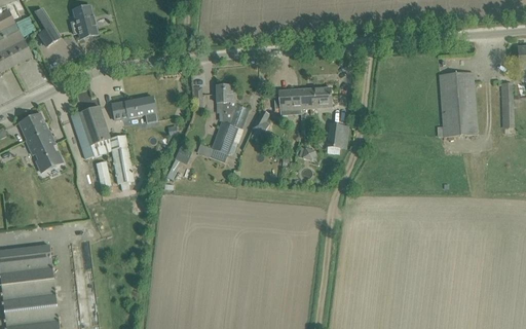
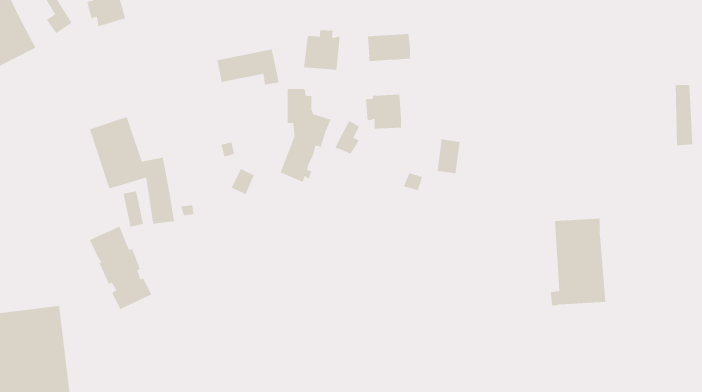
building: none -> [304,30,340,71]
building: [436,71,477,136] -> [550,218,606,306]
building: [299,86,331,107] -> [367,34,411,61]
building: [111,95,157,121] -> [217,49,280,85]
building: [17,111,64,173] -> [89,226,152,310]

